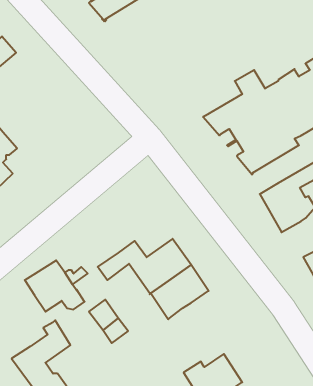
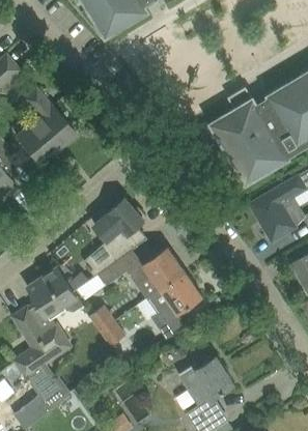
building: none -> [15,87,76,165]
building: none -> [93,198,145,260]
building: none -> [12,307,49,348]

